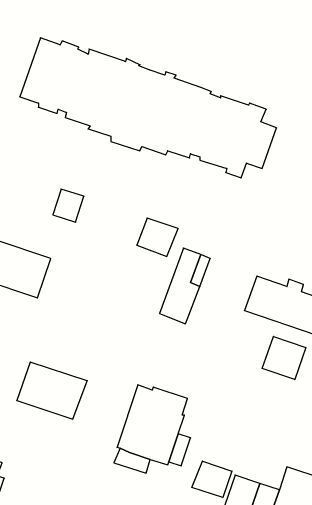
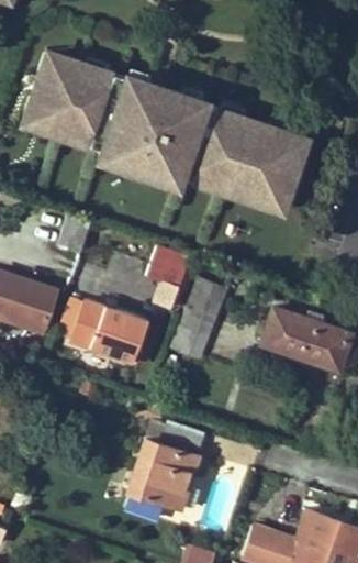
building: [262,336,306,380] -> none
building: [17,362,87,419] -> [71,301,146,362]
building: [192,461,232,497] -> none

